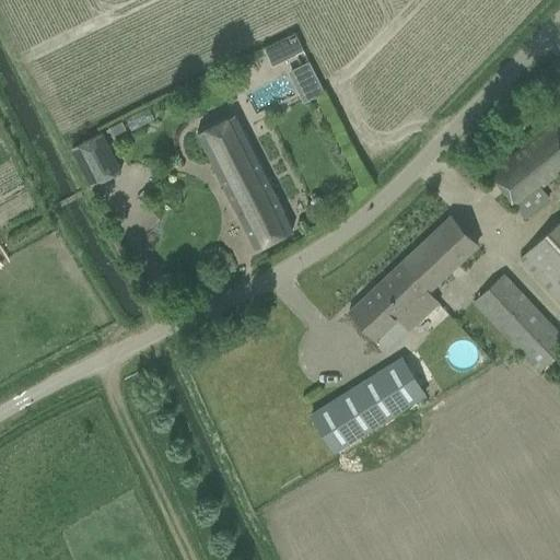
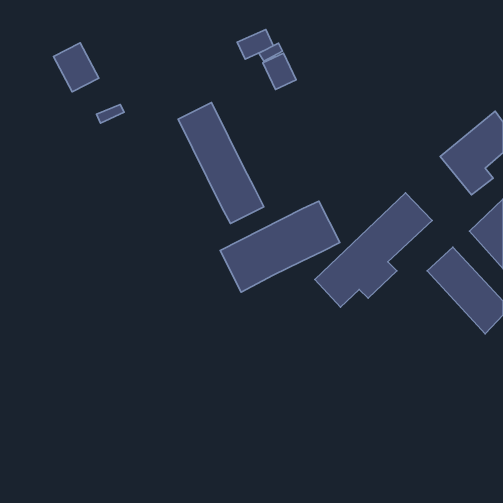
building: [71,132,121,187] -> [54,43,99,92]
building: none -> [220,201,340,292]
building: [312,357,428,453] -> none

